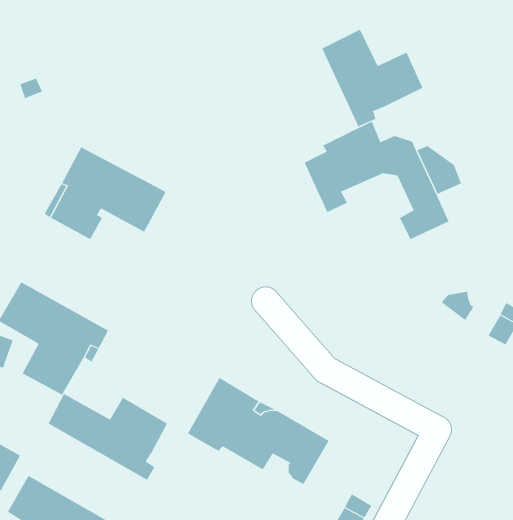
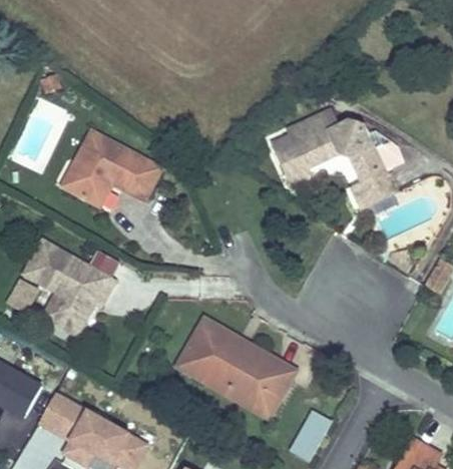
building: [321,29,423,127] -> none
building: [48,393,168,480] -> none
building: none -> [204,376,274,417]

